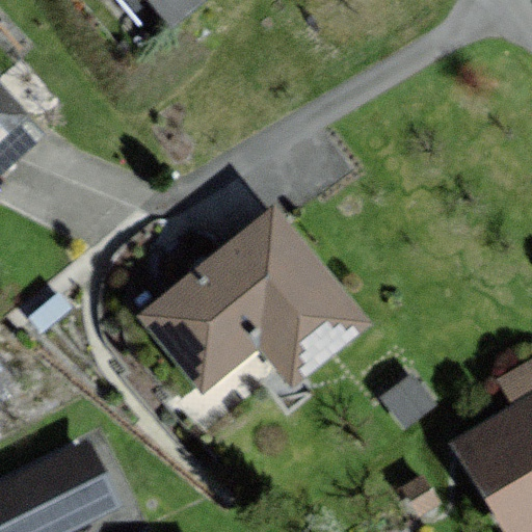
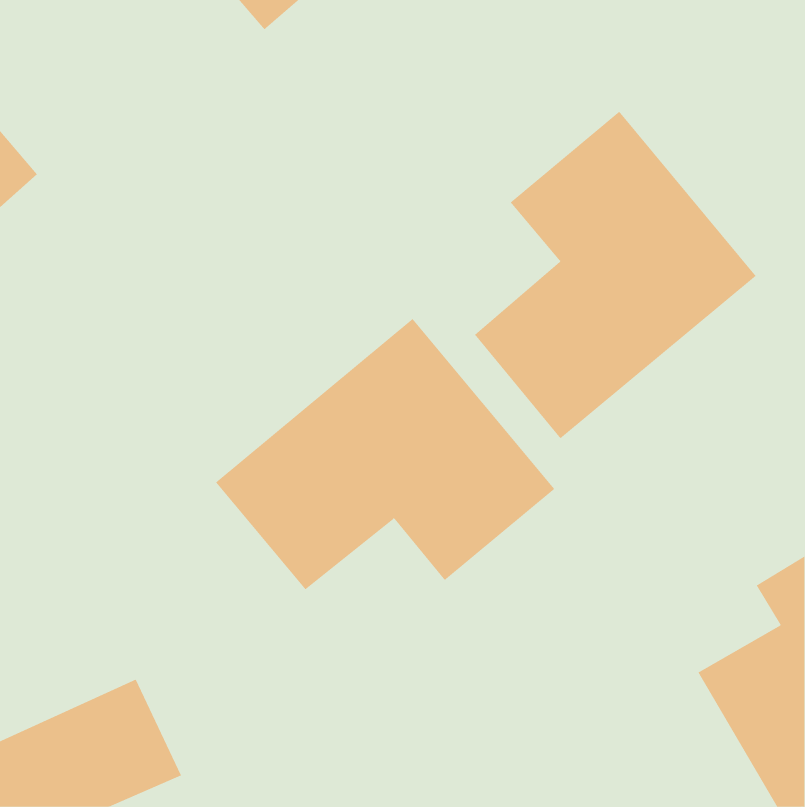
building: none -> [474,111,756,439]

